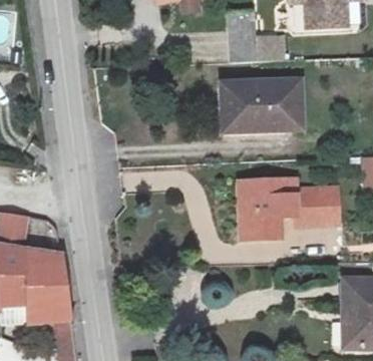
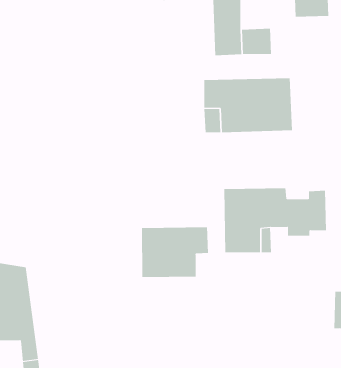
building: none -> [141,226,209,278]

